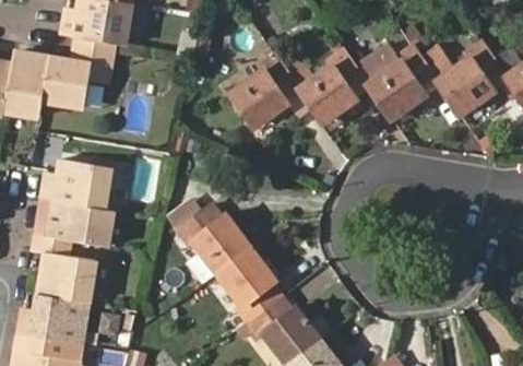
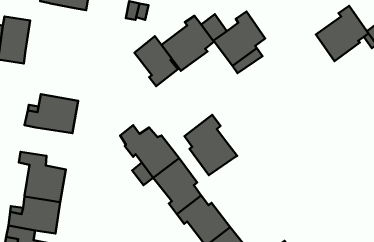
building: [43,36,111,105] -> none
building: [366,43,436,118] -> none
building: none -> [134,36,178,86]
building: none -> [184,115,237,175]
building: [36,200,114,248] -> none

